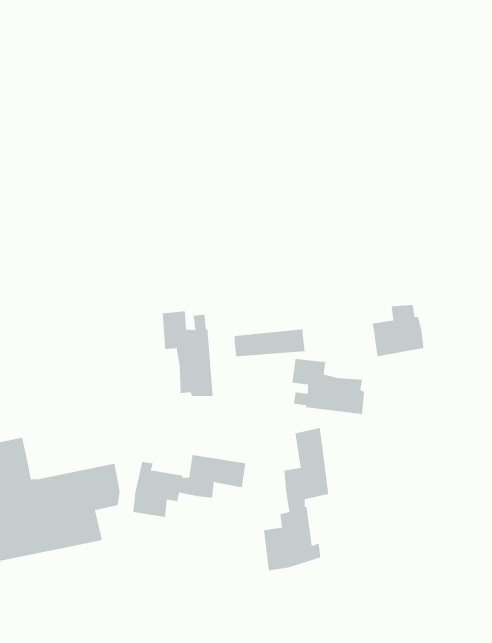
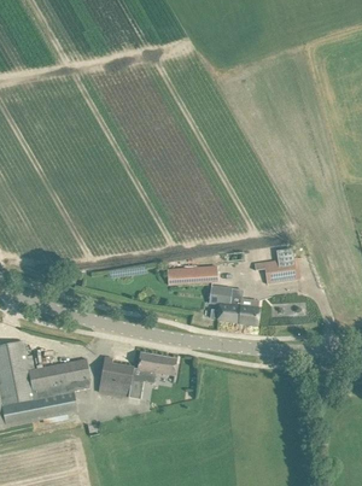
building: [162,310,213,397] -> none
building: [264,427,329,571] -> none

